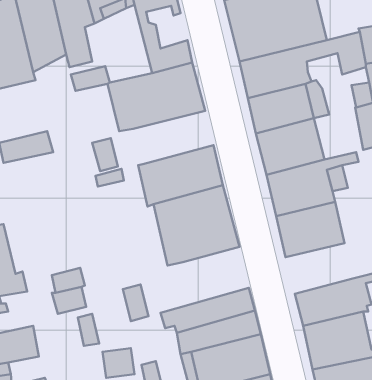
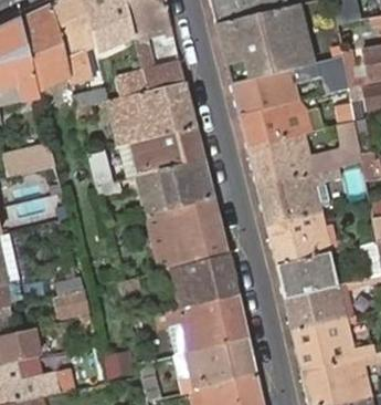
building: none -> [131,128,207,178]
building: none -> [274,252,337,300]
building: none -> [178,256,240,309]

